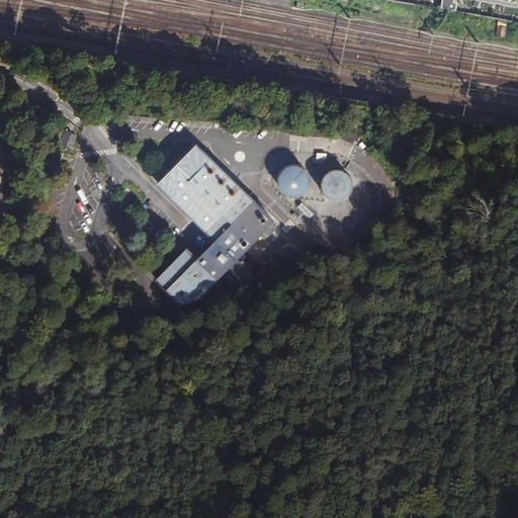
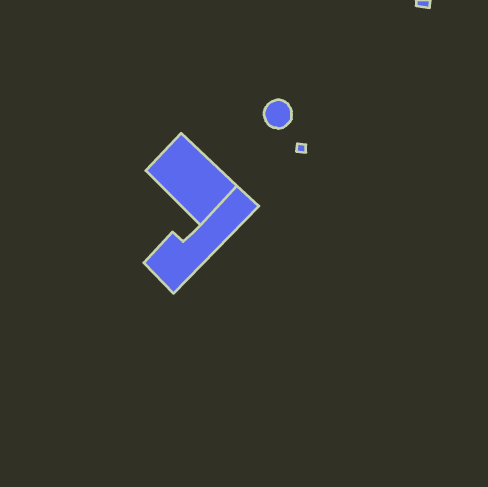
building: [280,164,310,194] -> [264,100,292,129]
building: [324,172,355,203] -> none

